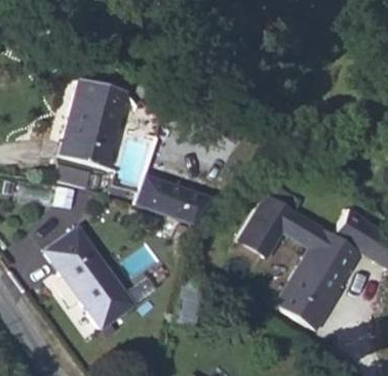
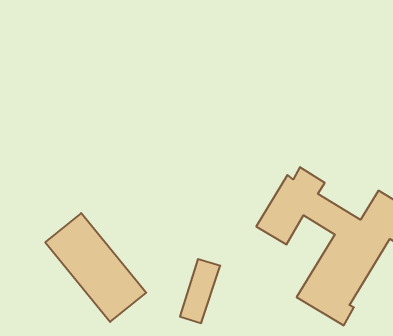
building: [50,80,116,169] -> none
building: [126,173,202,225] -> none

